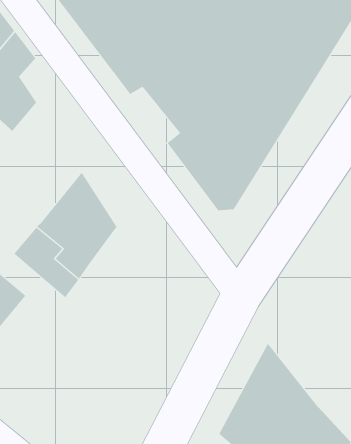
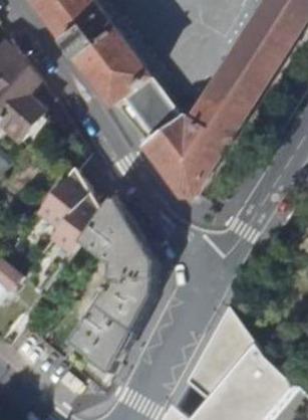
building: none -> [70,197,153,373]

